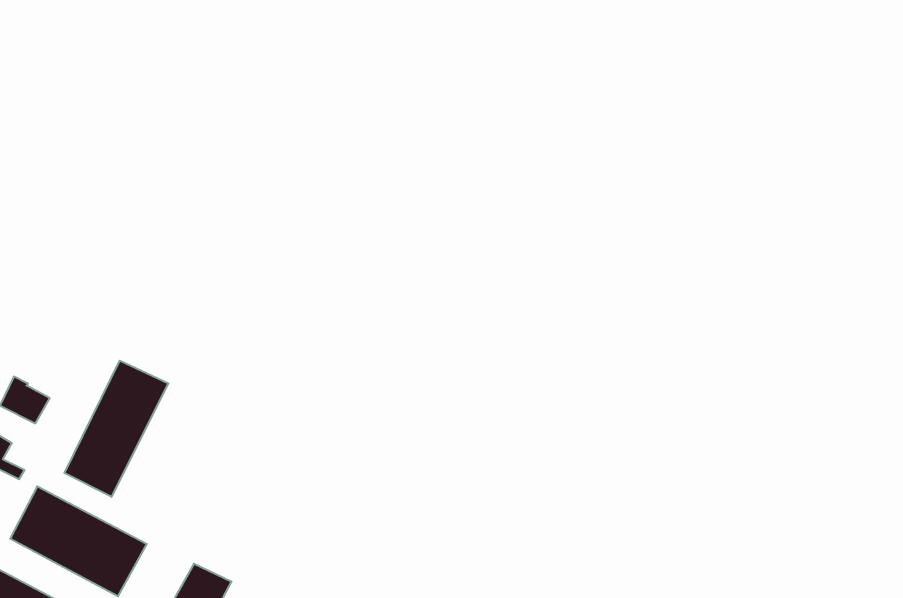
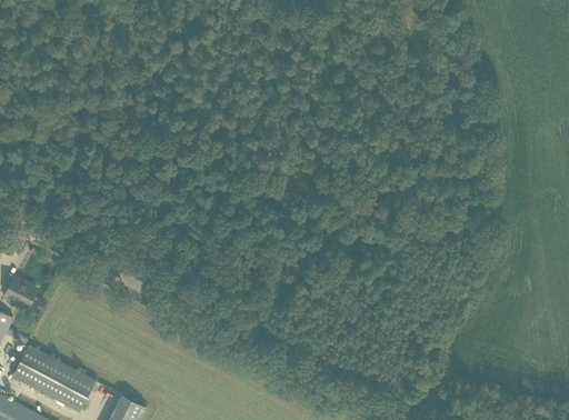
building: [64,361,168,497] -> none

